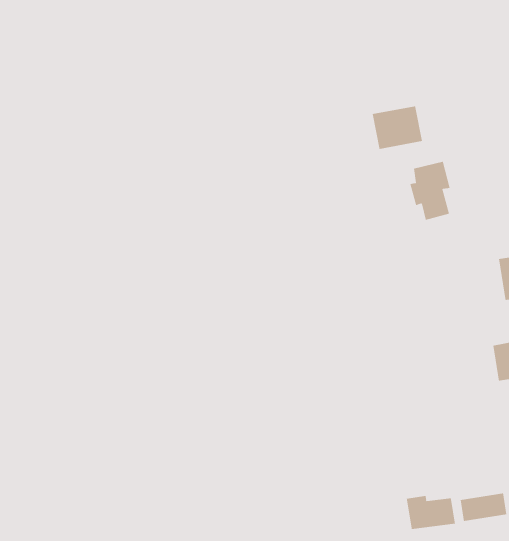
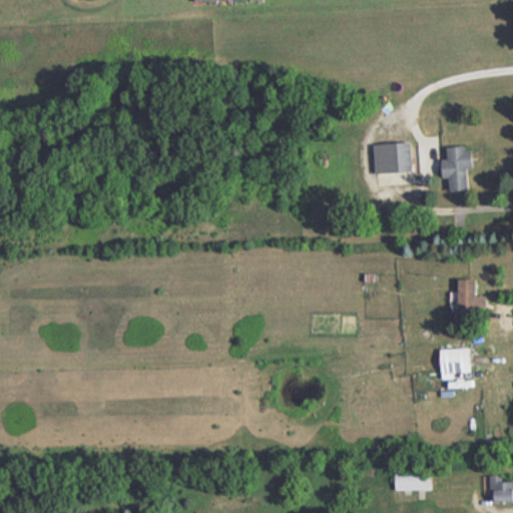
building: [409,161,450,220] -> [440,146,473,192]
building: [406,495,455,530] -> none

